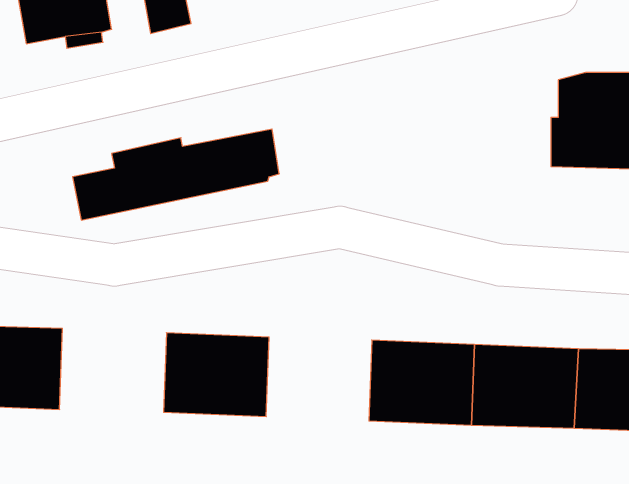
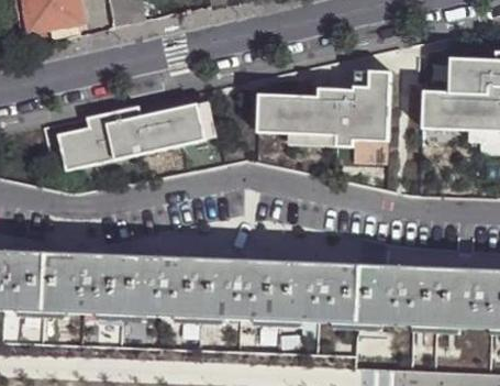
building: none -> [257,68,390,146]
building: none -> [47,252,129,316]
building: none -> [204,258,285,322]

